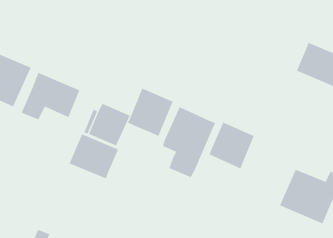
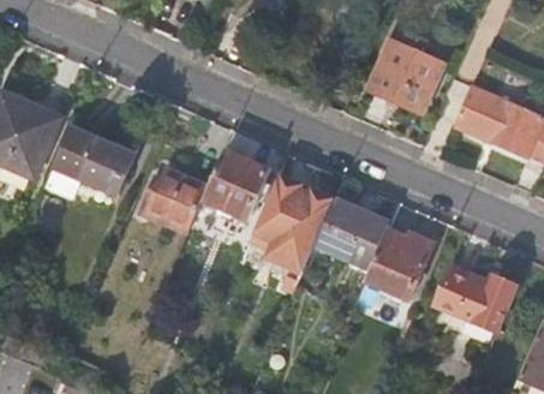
building: none -> [367,38,443,111]
building: [69,134,119,179] -> none
building: none -> [364,231,431,299]

